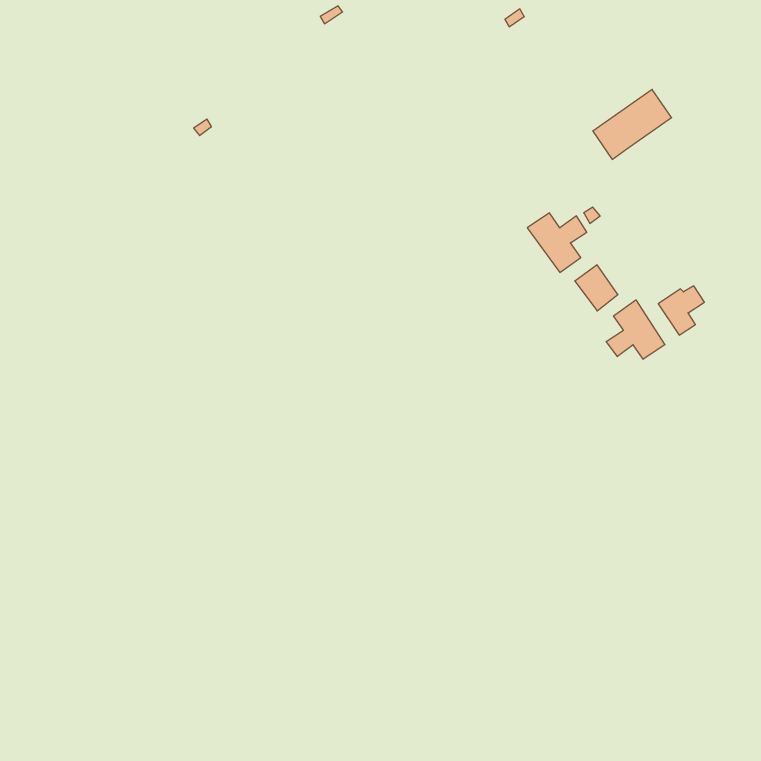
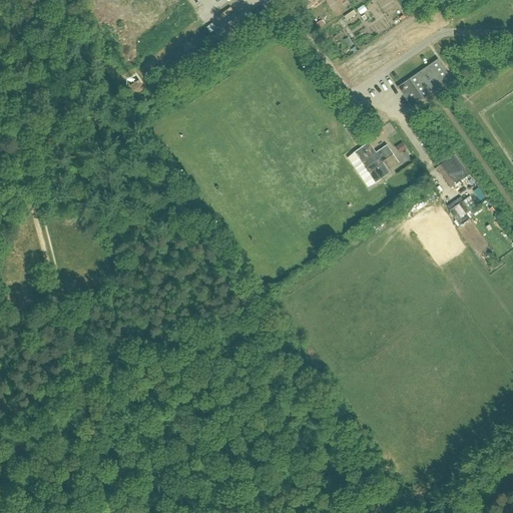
building: [575,265,618,311] -> [440,154,469,185]
building: [606,300,665,359] -> none

